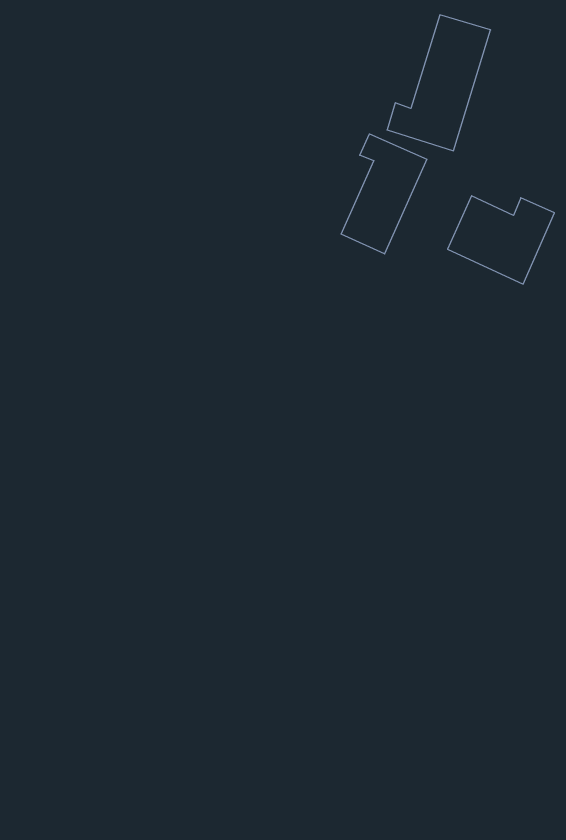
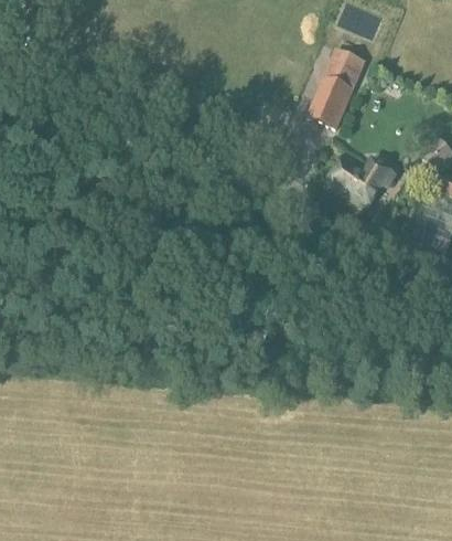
building: [341,134,427,254] -> none

